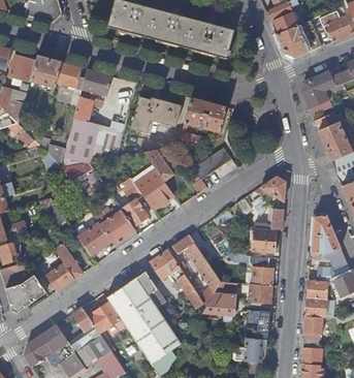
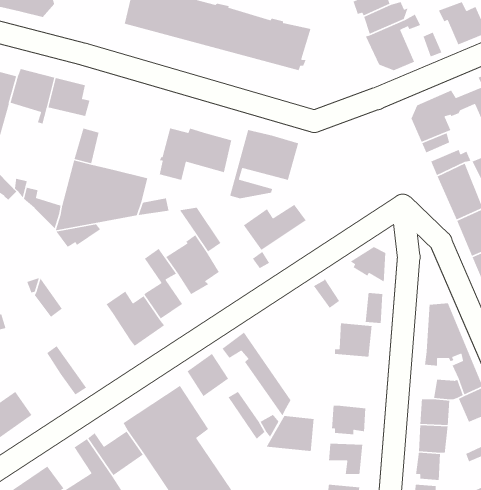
building: [82,69,112,95] -> none
building: [77,222,111,255] -> none
building: [252,262,273,286] -> none
building: [46,263,74,290] -> none

